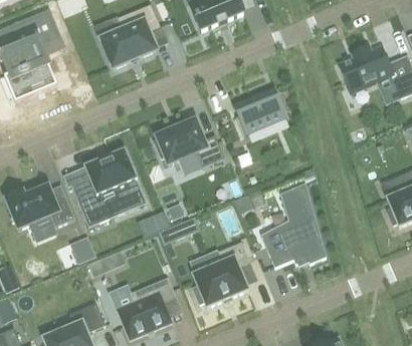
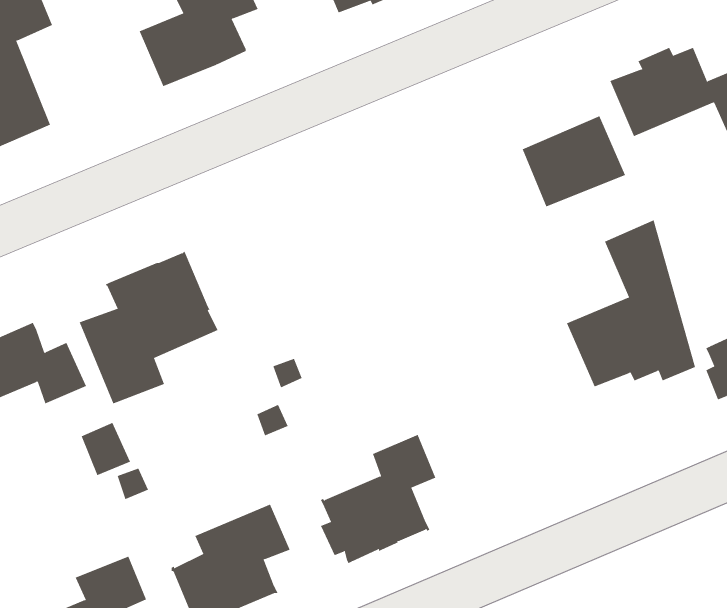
building: [233,87,285,133] -> [522,115,626,207]
building: [153,120,223,166] -> none
building: [260,183,326,267] -> [566,220,696,387]

